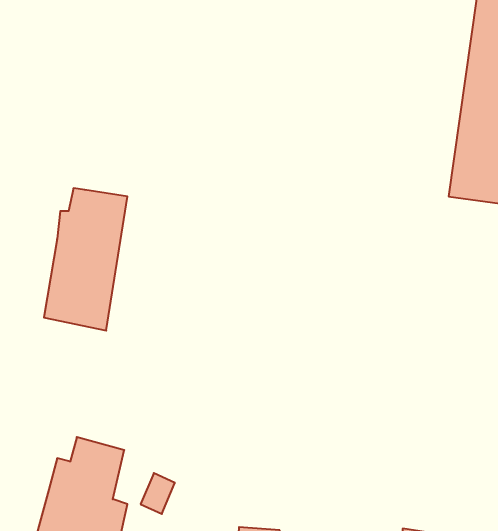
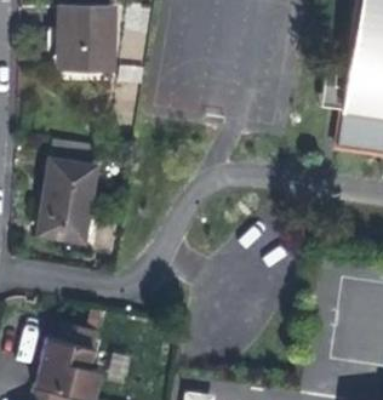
building: none -> [58,7,113,73]

